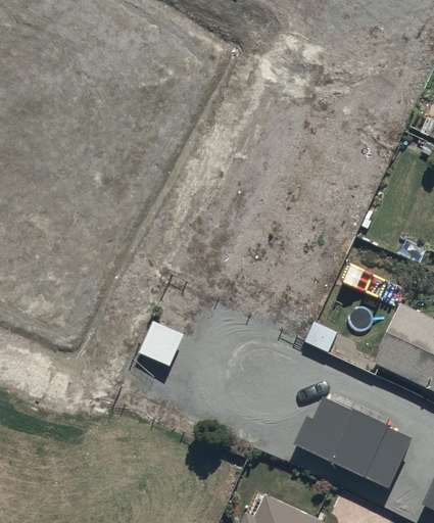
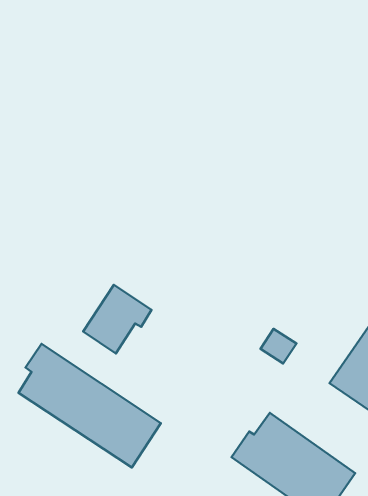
building: none -> [19,344,161,467]

